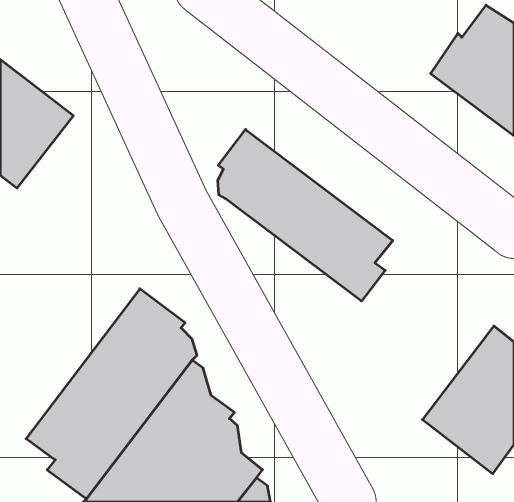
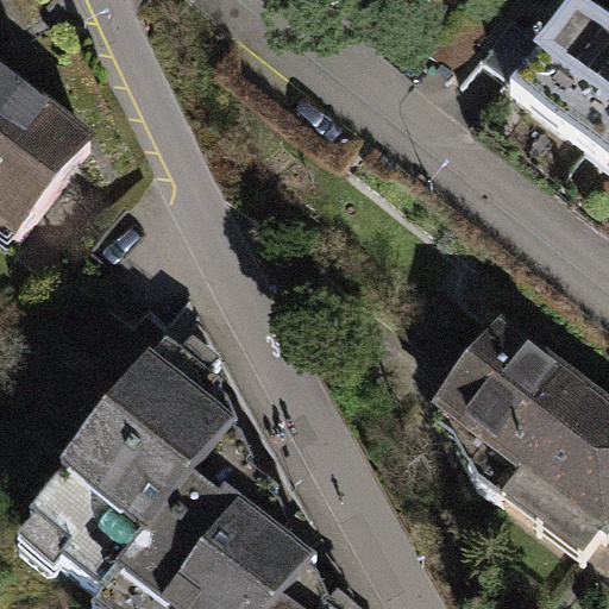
building: [218,129,393,301] -> none
building: none -> [437,321,584,496]

